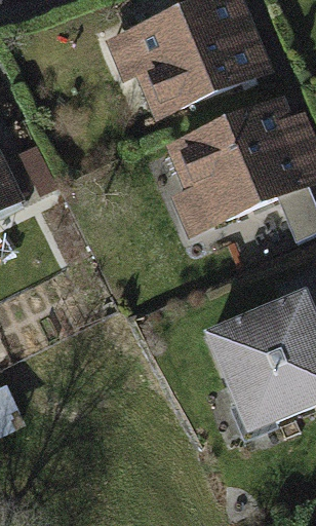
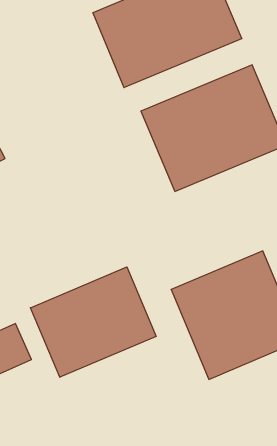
building: none -> [30,267,156,377]

